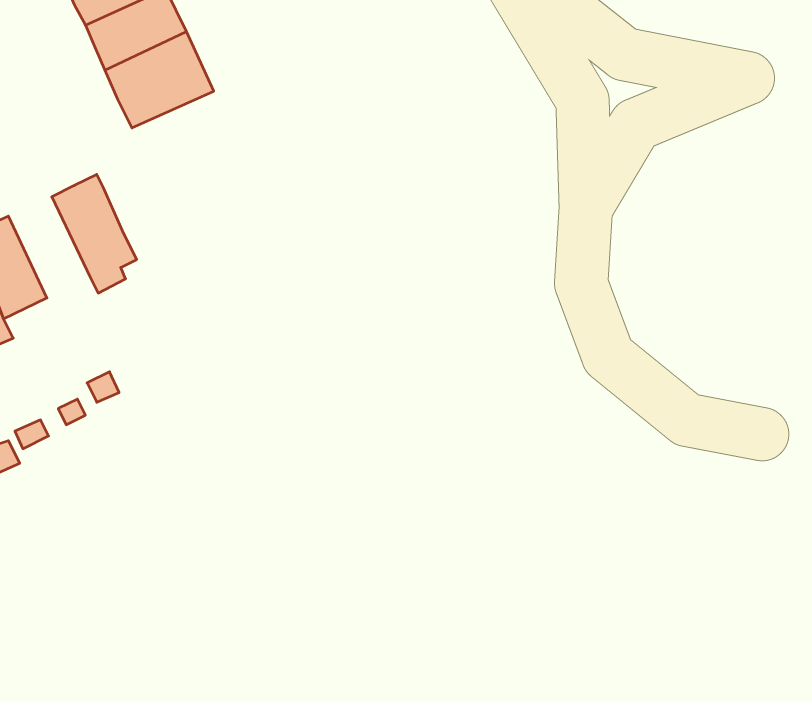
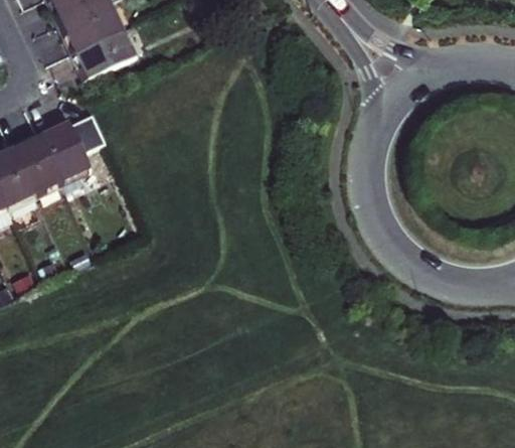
building: none -> [68,113,105,153]
building: none -> [9,130,60,193]

